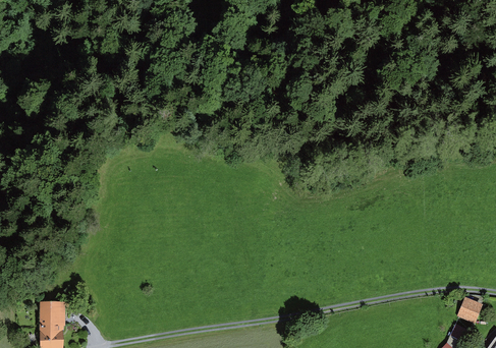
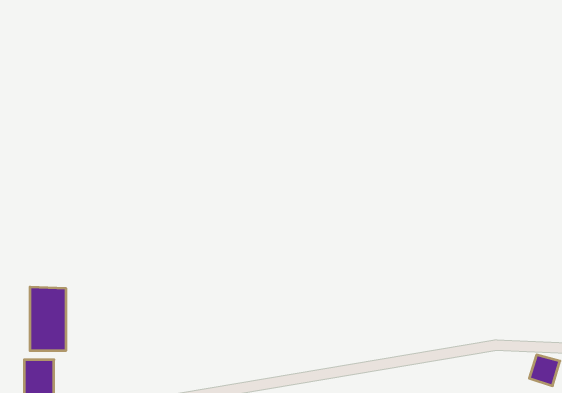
building: none -> [30,287,66,351]

